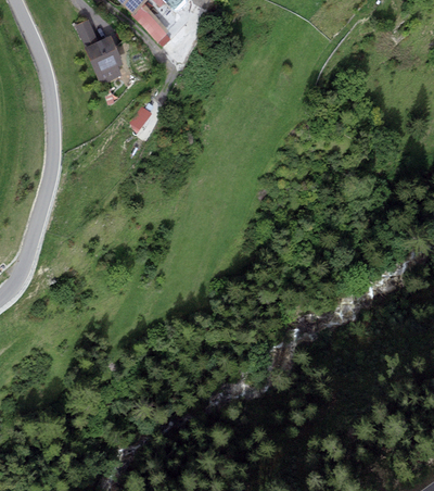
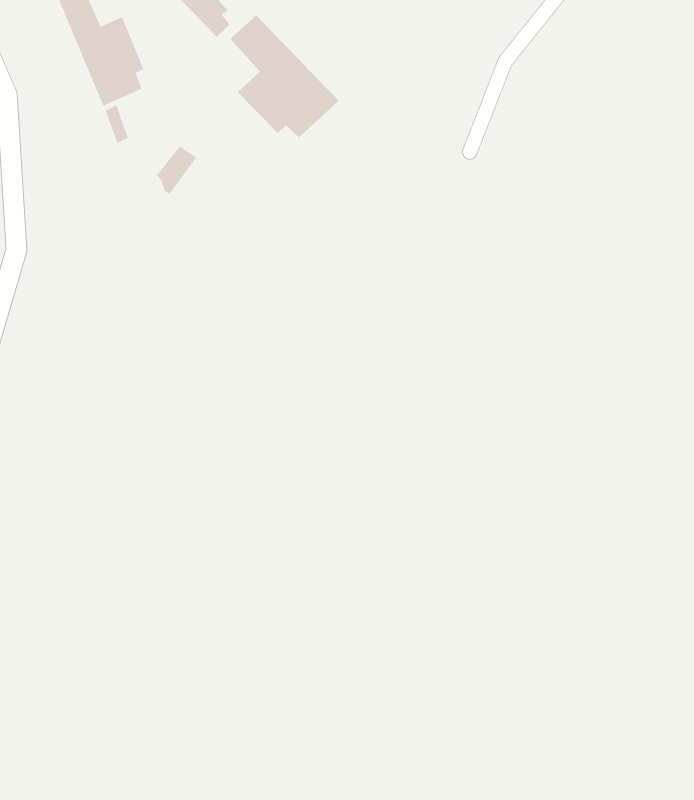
building: none -> [229,15,339,138]

